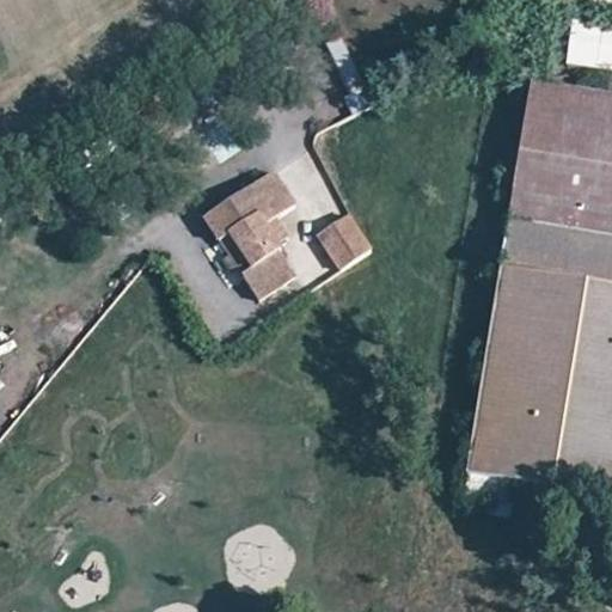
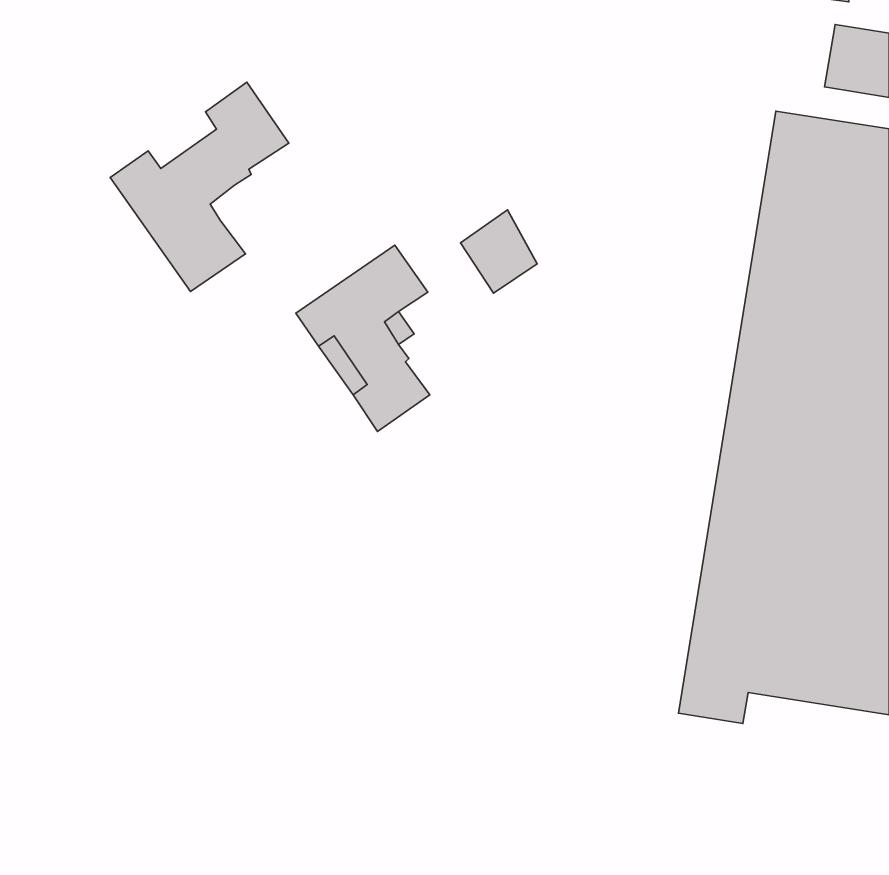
building: none -> [110,82,289,292]
building: [318,208,371,265] -> [461,210,537,293]

